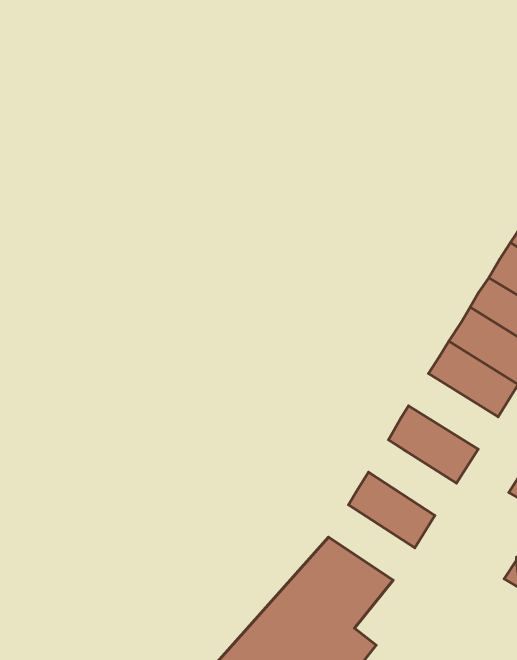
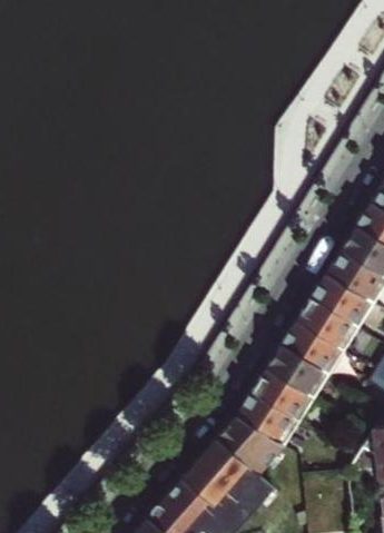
building: none -> [296,296,361,351]
building: none -> [267,344,331,398]
building: none -> [238,391,301,445]

